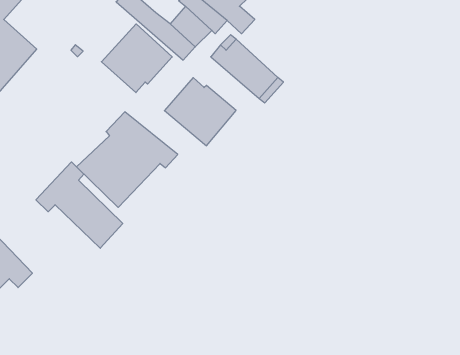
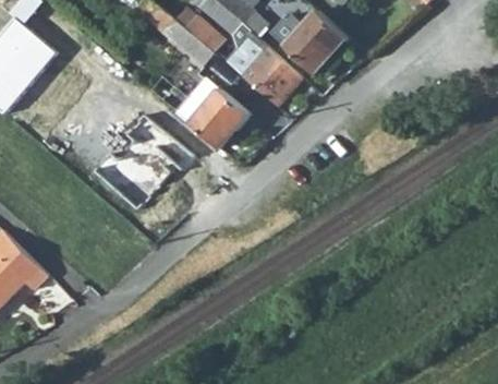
building: none -> [272,9,348,73]
building: [101,24,172,93] -> none
building: [36,162,123,248] -> none

